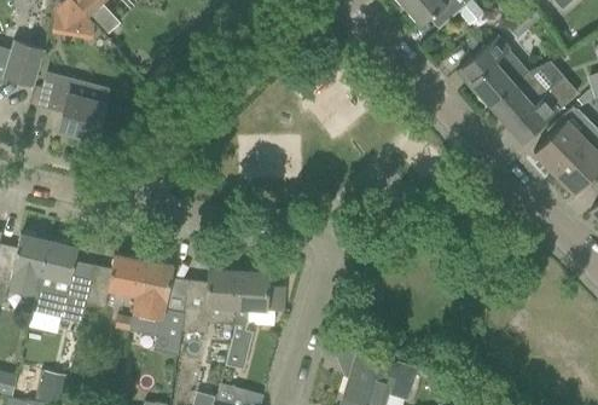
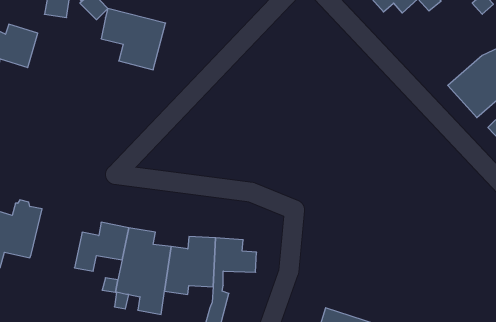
building: [457,36,528,106] -> none
building: [39,73,109,139] -> [101,9,166,70]
building: [29,241,93,335] -> none

